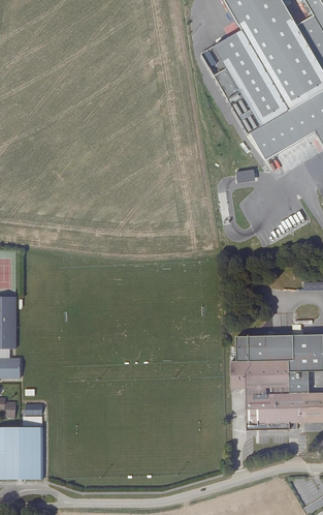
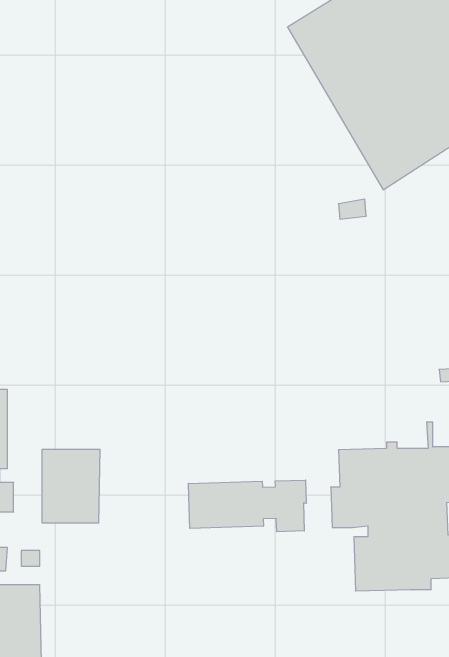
building: none -> [42,449,100,523]
building: none -> [188,480,306,532]

